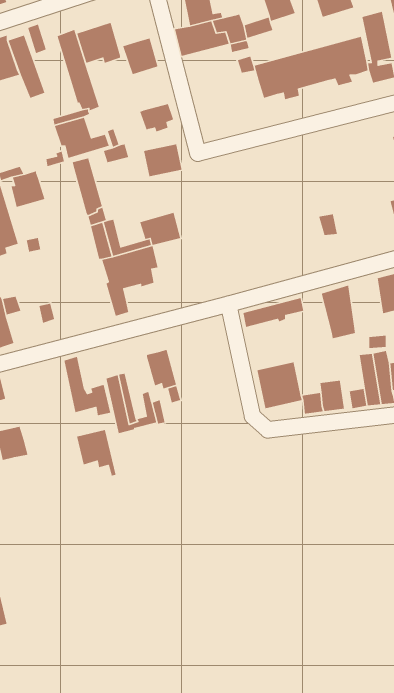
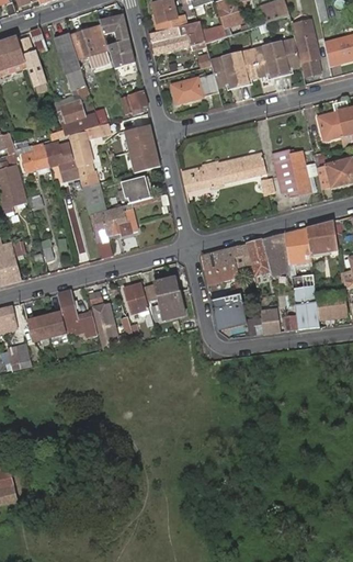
building: none -> [99,14,128,42]
building: none -> [171,72,218,102]
building: none -> [39,140,78,181]
building: none -> [127,143,159,169]
building: none -> [181,149,265,191]
building: none -> [272,153,311,198]
building: none -> [284,227,310,263]
building: none -> [247,239,270,273]
building: none -> [203,260,238,283]
building: none -> [151,276,186,315]
building: [76,429,117,477] -> [37,307,69,345]

